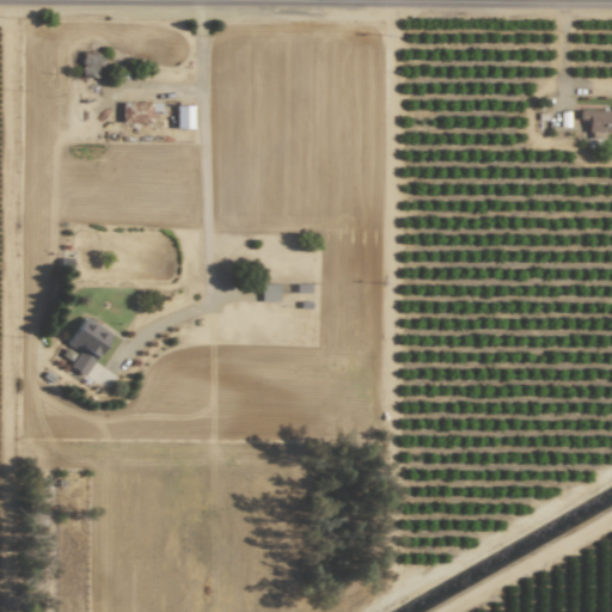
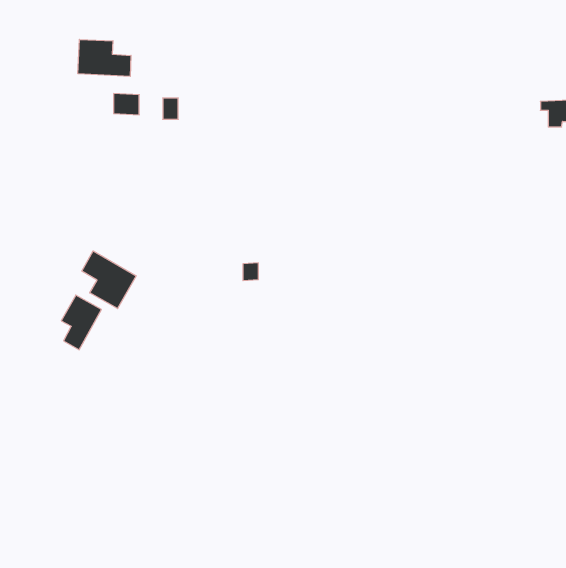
building: none -> [78,39,131,76]
building: none -> [82,251,136,309]

